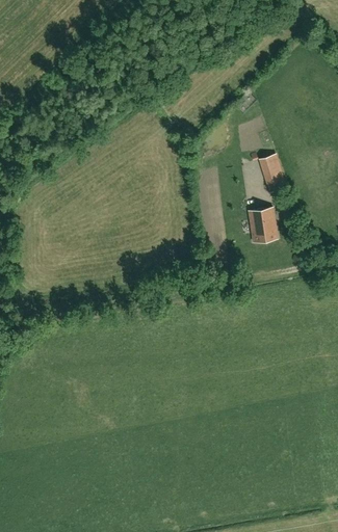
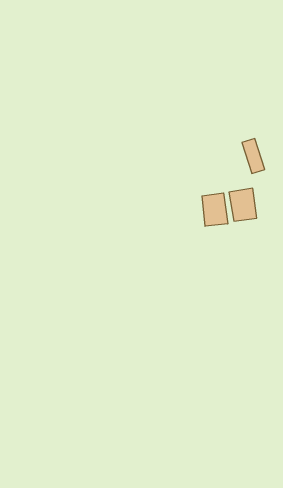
building: none -> [202,193,228,226]

